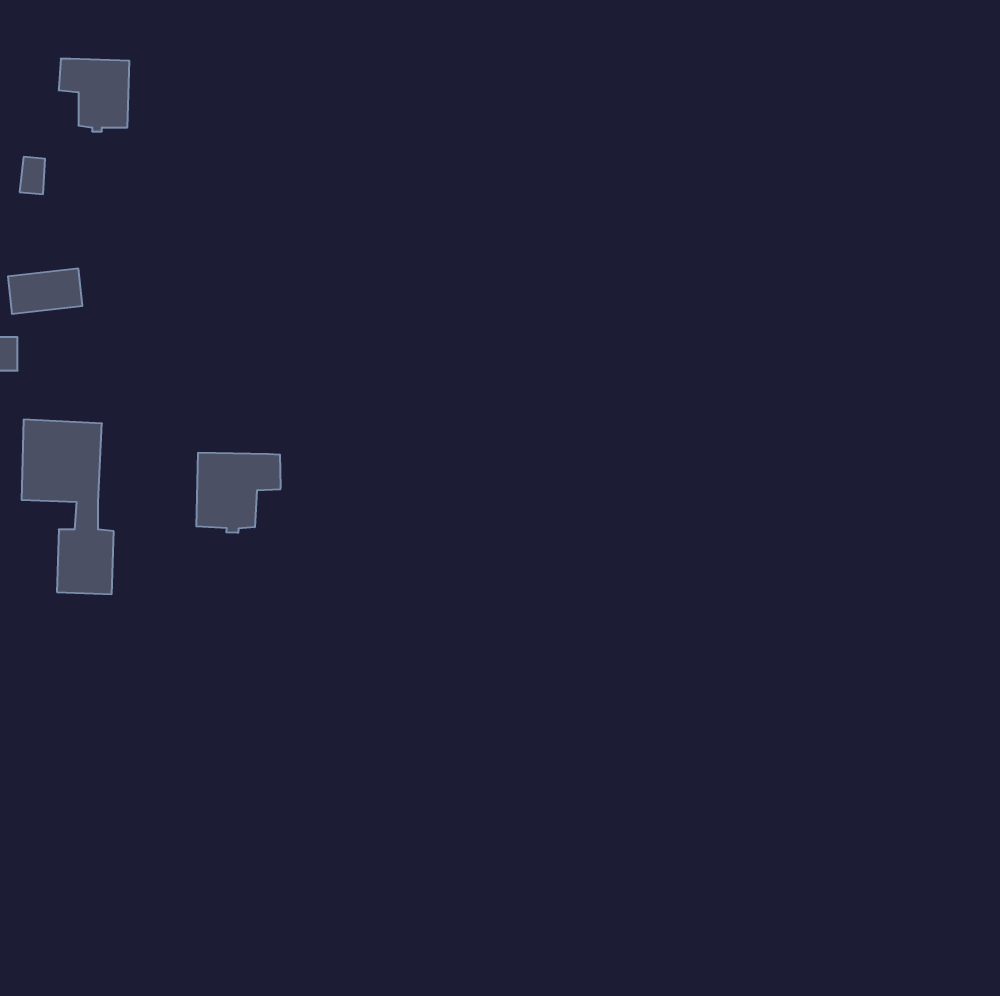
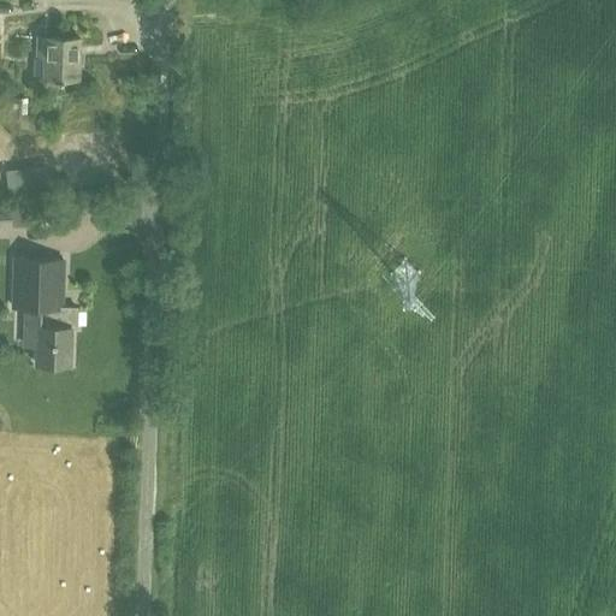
building: [196,453,280,533] -> none

